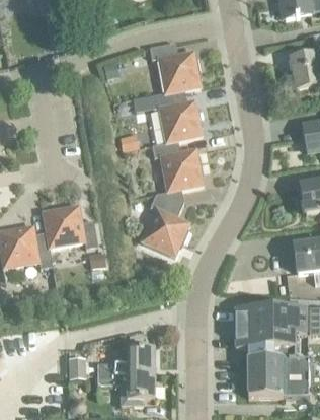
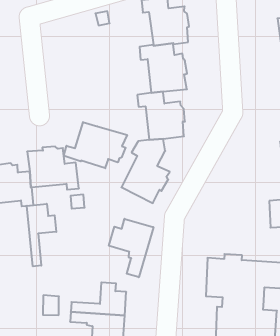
building: none -> [64,122,127,168]
building: none -> [27,204,56,266]
building: none -> [109,219,153,277]

